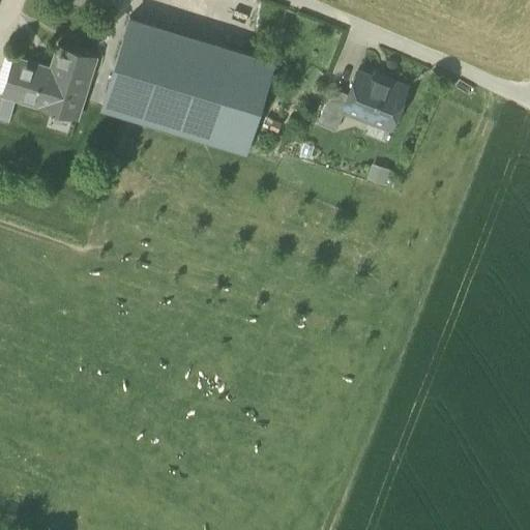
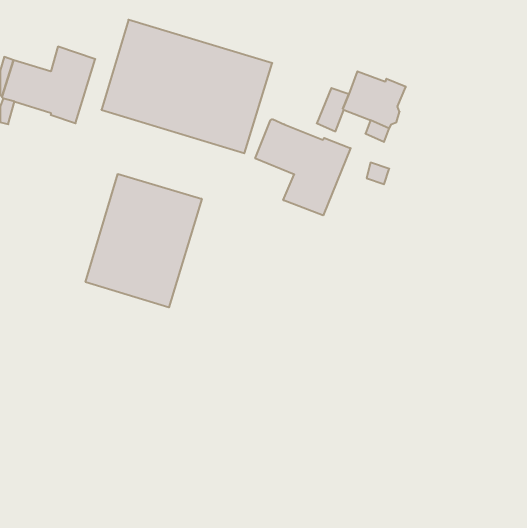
building: none -> [255,119,351,215]
building: none -> [86,174,202,307]

